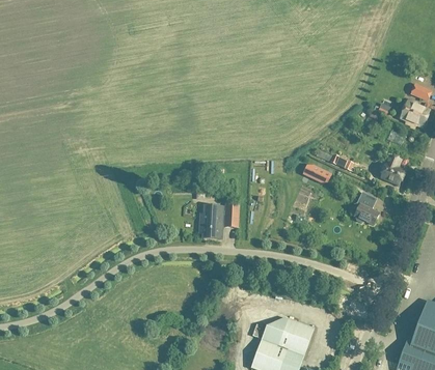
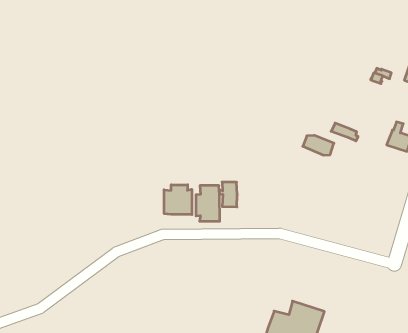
building: [354,191,379,224] -> none
building: none -> [164,185,192,215]

